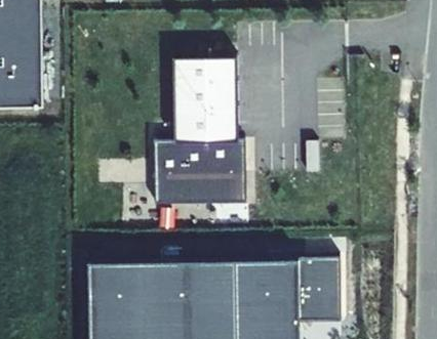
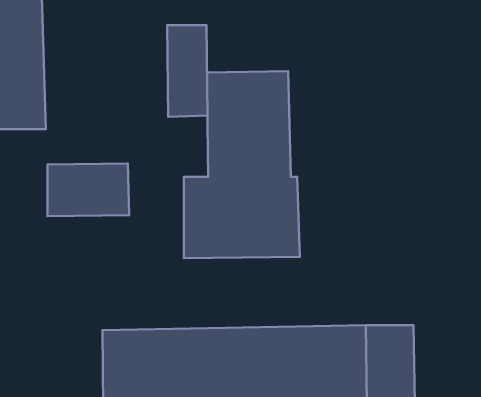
building: none -> [167,25,207,117]
building: none -> [47,164,129,216]

